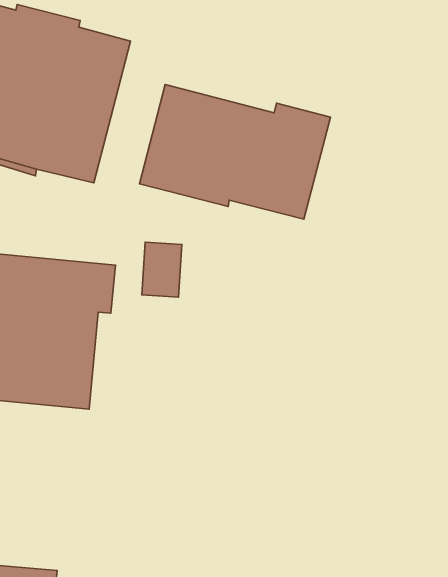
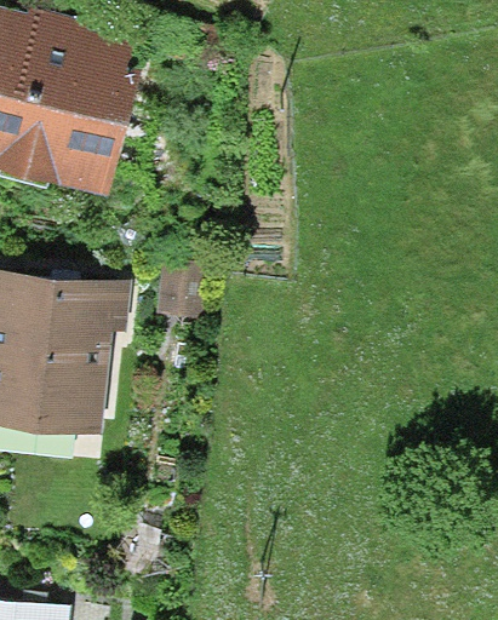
building: [139,84,331,219] -> none

